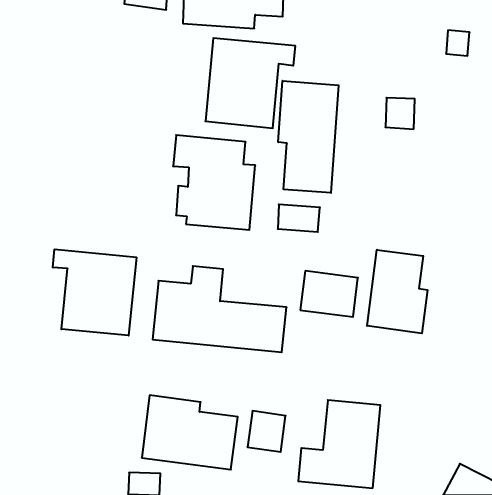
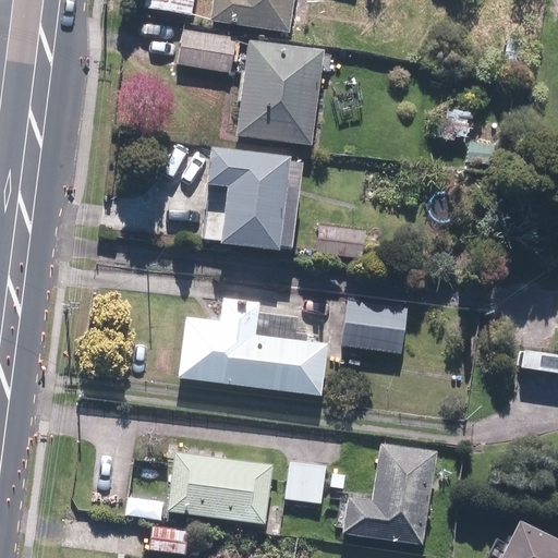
building: none -> [181,26,241,74]
building: [278,81,339,193] -> none
building: [53,249,136,336] -> none
building: [367,250,427,333] -> none

